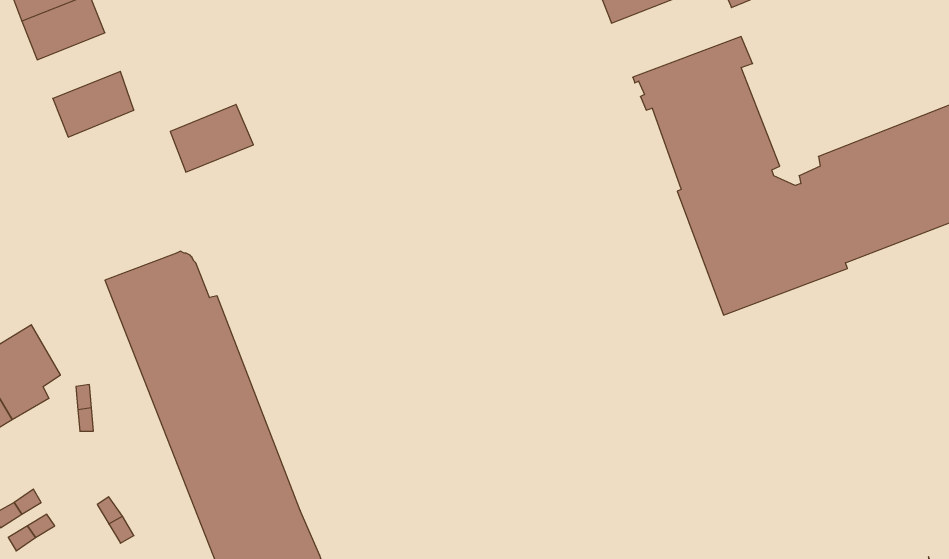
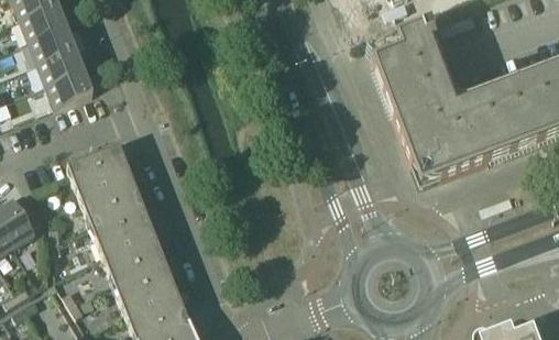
building: none -> [29,22,76,59]
building: [170,104,253,172] -> [46,66,94,105]

